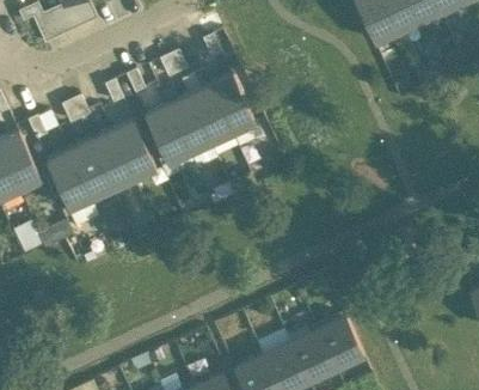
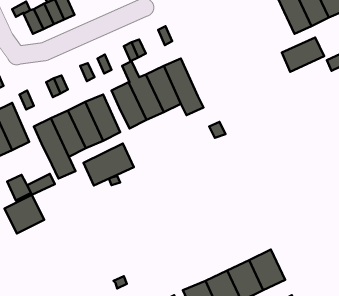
building: none -> [282,38,324,72]
building: none -> [84,144,134,186]
building: none -> [5,195,44,233]

